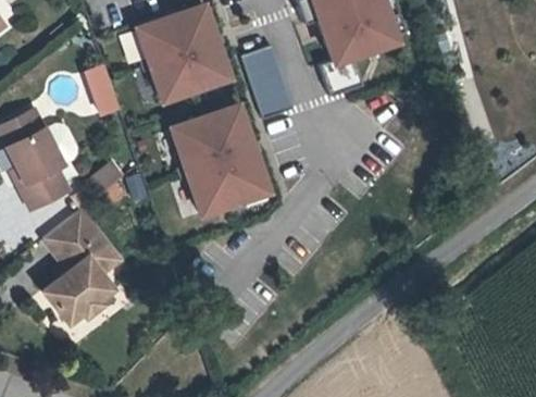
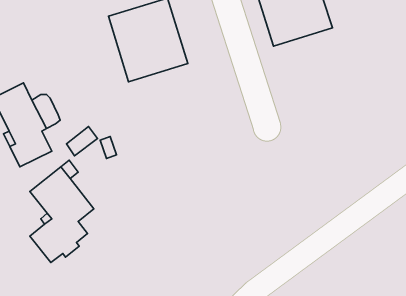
building: [239,46,290,116] -> none
building: [80,62,121,116] -> none
building: [172,109,266,209] -> none

